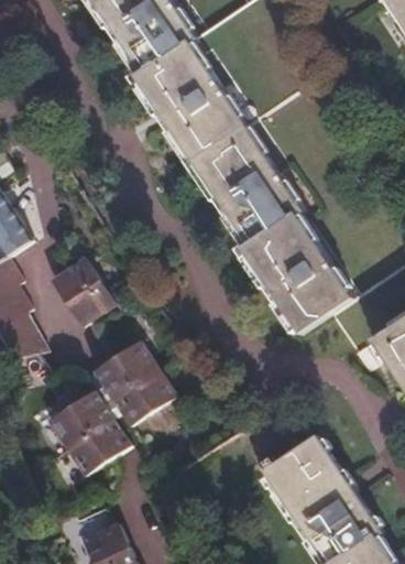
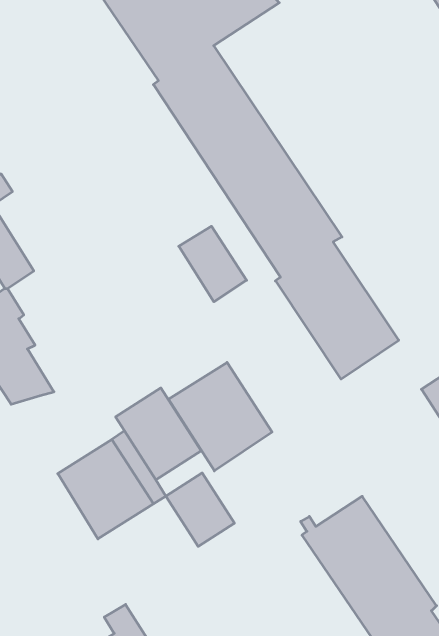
building: [57,256,117,322] -> [179,226,247,302]
building: none -> [168,362,272,471]
building: none -> [166,473,234,546]

